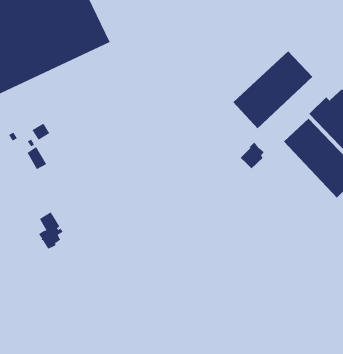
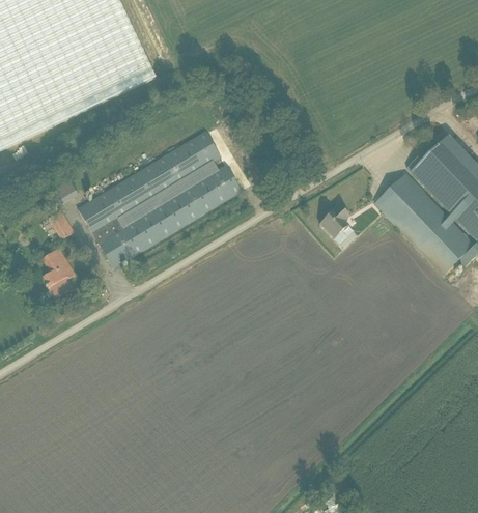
building: [233,51,313,129] -> none
building: none -> [77,130,241,266]
building: [38,211,63,250] -> [41,248,74,296]

